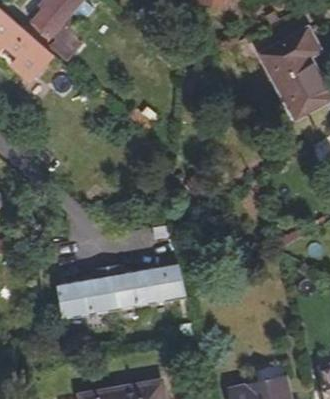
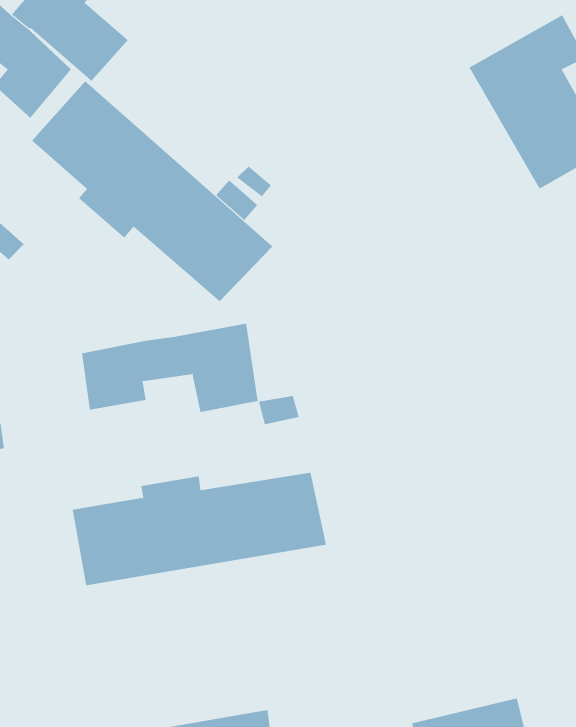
building: none -> [31,81,273,302]
building: none -> [81,323,258,413]

